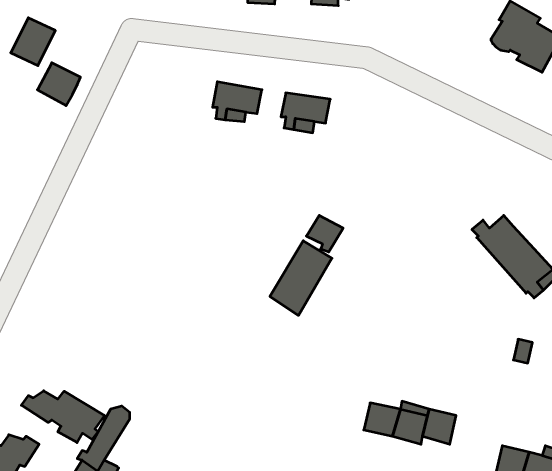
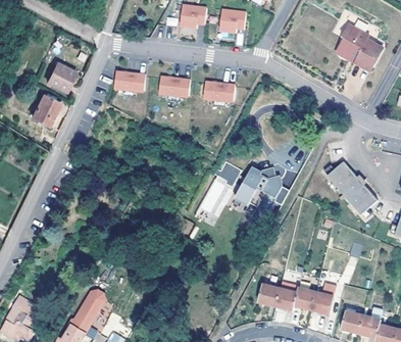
building: [11,18,55,66] -> [30,95,58,126]
building: none -> [115,70,147,93]
building: none -> [237,166,291,218]
building: [21,391,104,443] -> none
building: none -> [311,281,336,312]

